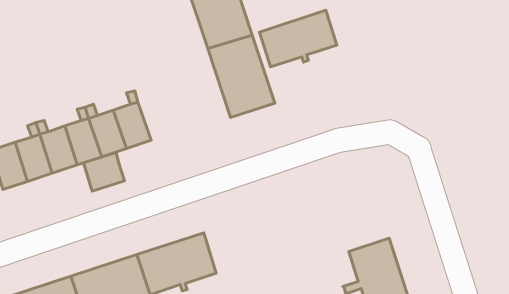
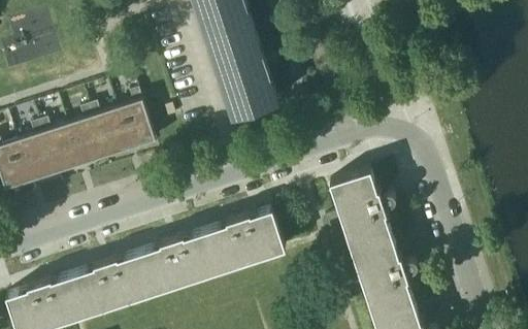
building: [259,10,337,67] -> none
building: [84,152,125,191] -> none
building: none -> [323,173,391,253]
building: none -> [205,212,284,274]

